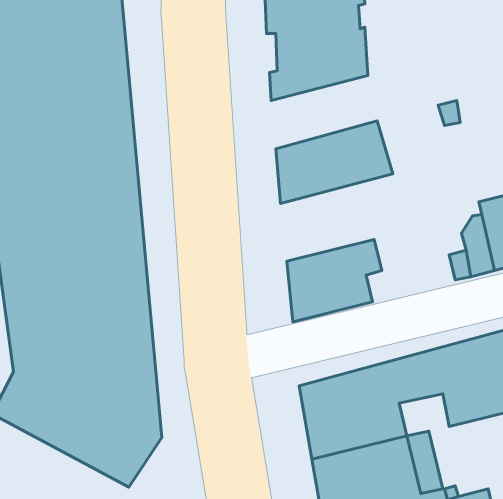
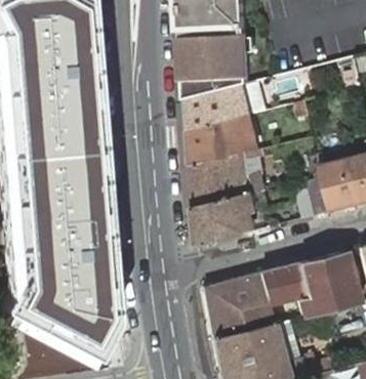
building: none -> [186,80,271,132]
building: none -> [192,149,269,206]

